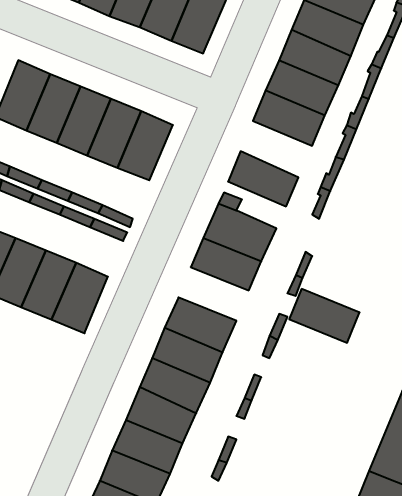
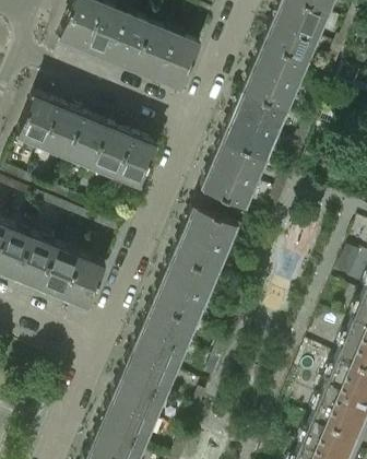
building: none -> [212,142,269,187]
building: [289,289,360,343] -> [163,258,218,301]

